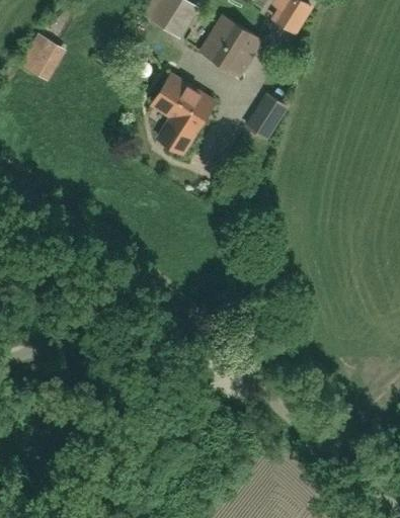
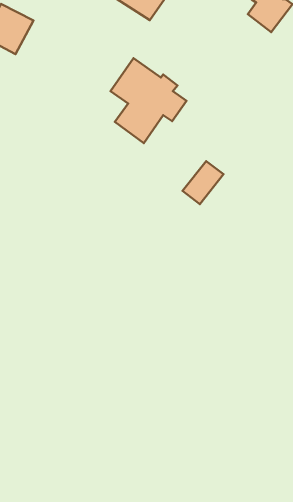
building: [201,16,259,75] -> none
building: [246,96,285,139] -> [183,161,224,204]

